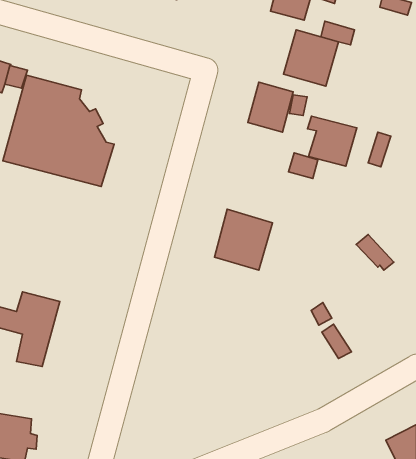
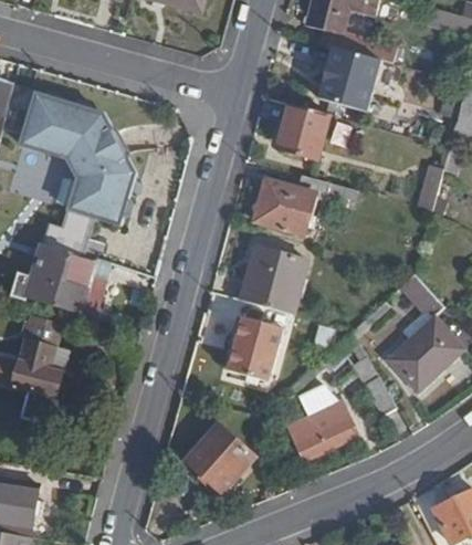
building: [307,116,357,166] -> [261,178,316,234]
building: none -> [11,227,108,319]
building: none -> [228,313,283,378]
building: none -> [388,317,462,385]
building: none -> [289,408,356,460]
building: none -> [186,423,254,490]

